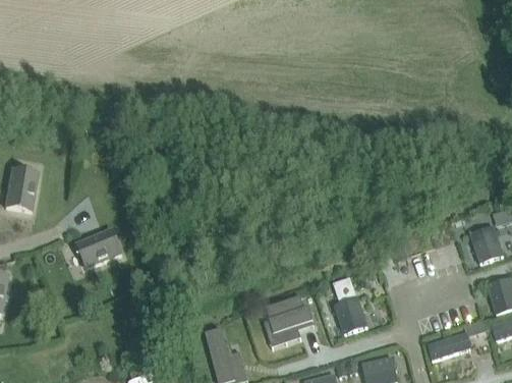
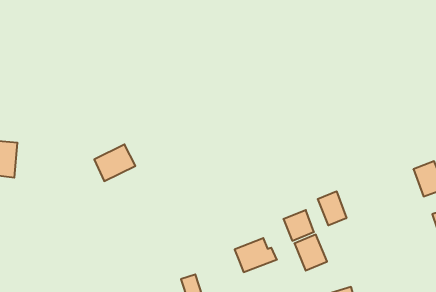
building: [77,228,122,267] -> [94,144,135,181]
building: none -> [318,191,346,225]
building: [426,330,472,359] -> none

